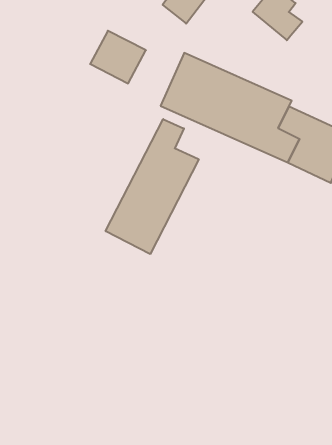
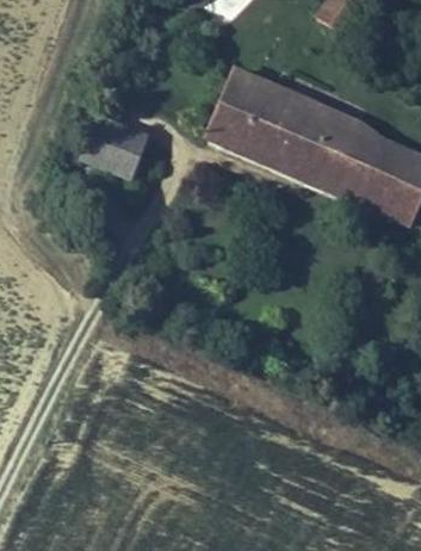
building: [90,31,146,83] -> [85,116,153,180]
building: [106,119,199,254] -> none

